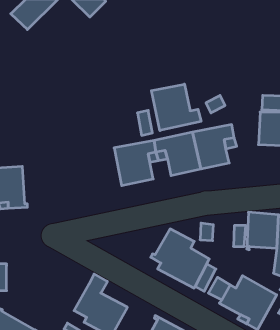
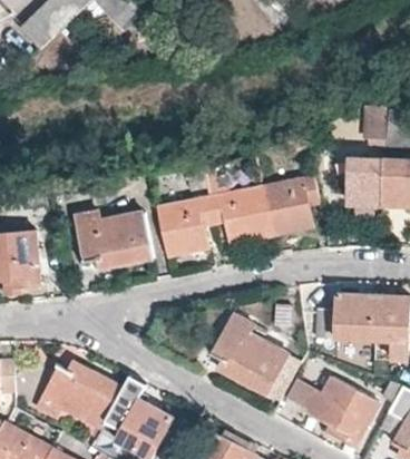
building: [151,84,201,131] -> none
building: none -> [76,211,154,268]
building: none -> [37,361,124,429]

